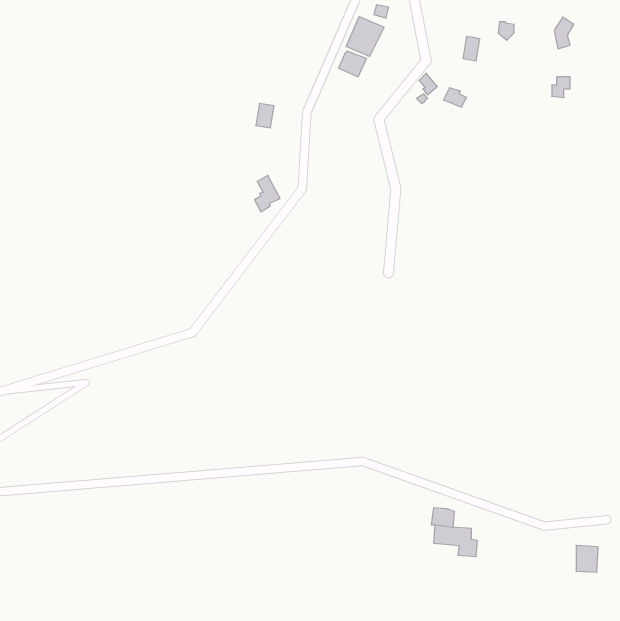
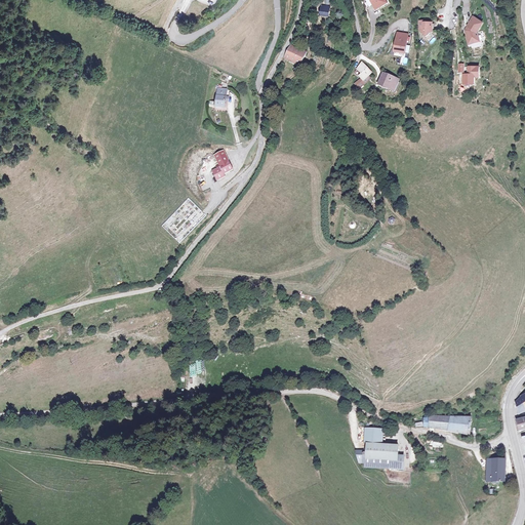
building: [346,17,384,57] -> none
building: none -> [422,413,471,436]

